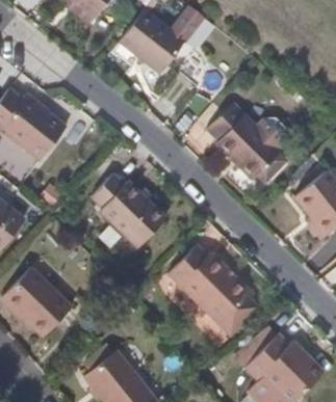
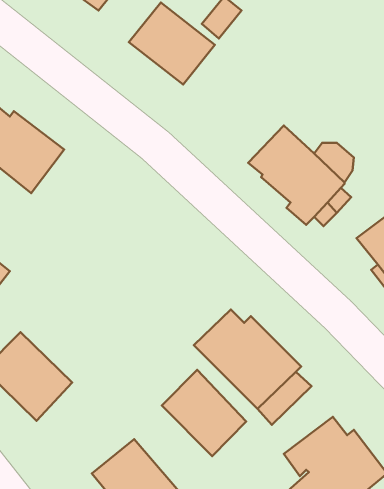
building: [92,167,162,241] -> none
building: none -> [162,370,246,456]

